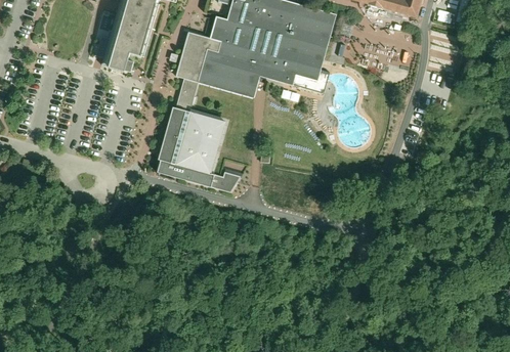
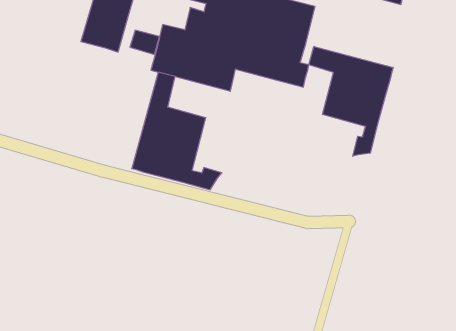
building: [102,49,131,73] -> [130,30,160,55]
building: none -> [309,46,393,156]

